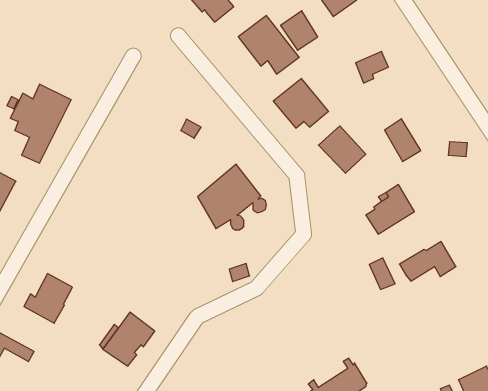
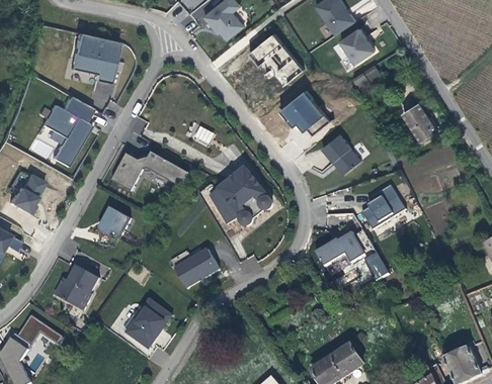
building: [281,11,318,50] -> [339,27,373,63]
building: none -> [71,33,120,94]
building: [385,119,421,162] -> [404,103,436,141]
building: none -> [111,152,188,191]
building: none -> [98,207,131,248]
building: [399,242,456,281] -> [315,231,365,267]
building: none -> [171,246,219,288]

